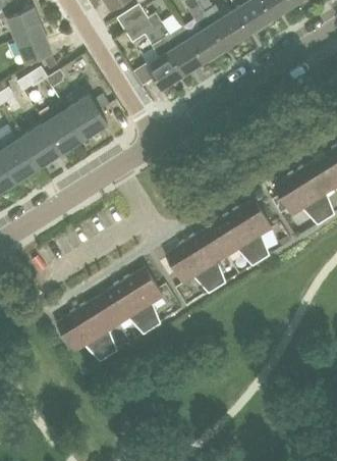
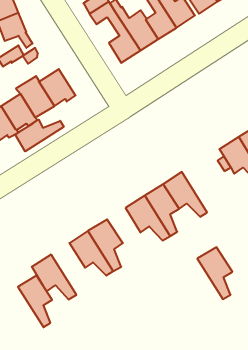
building: none -> [15,120,64,151]
building: [231,201,272,261] -> [197,247,232,299]
building: [79,297,119,357] -> [18,275,52,327]

